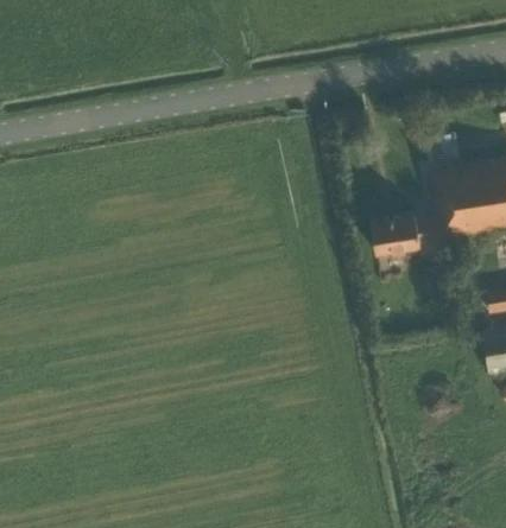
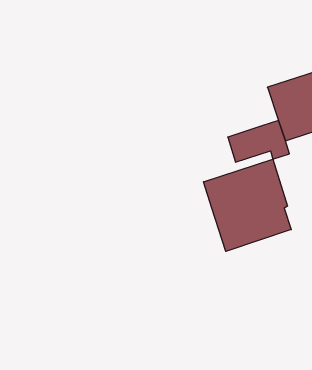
building: none -> [204,159,291,251]

